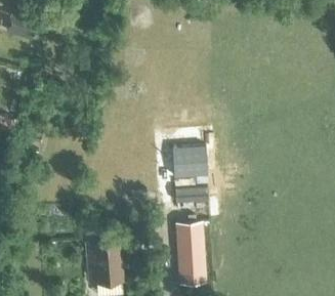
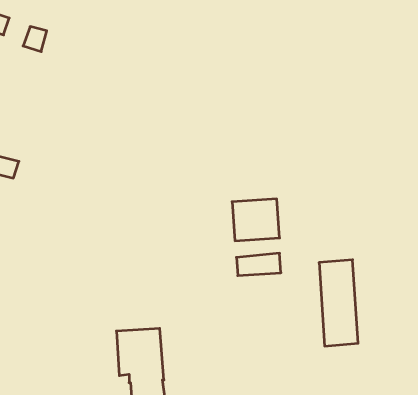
building: [177,223,206,287] -> [319,260,358,346]

